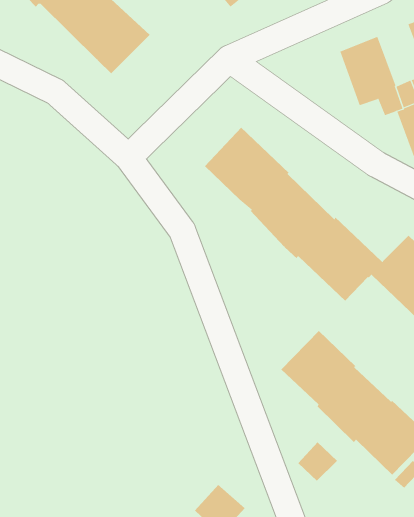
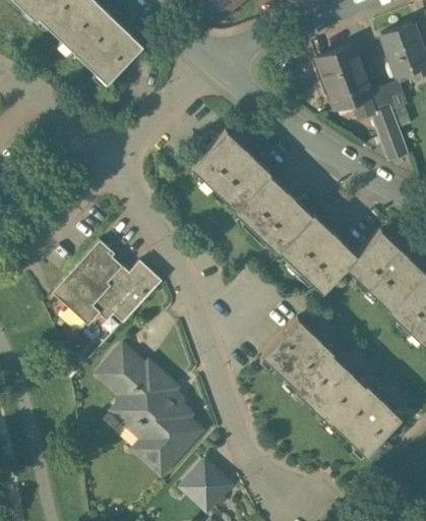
building: none -> [52,241,161,326]
building: none -> [101,350,197,471]
building: [297,441,338,482] -> none

